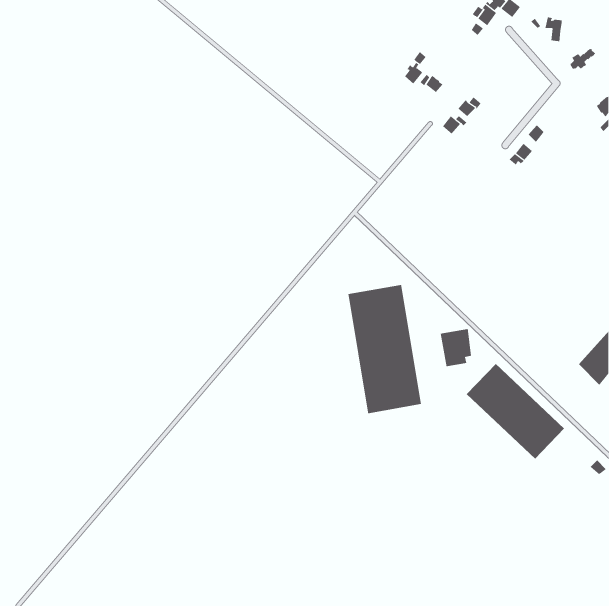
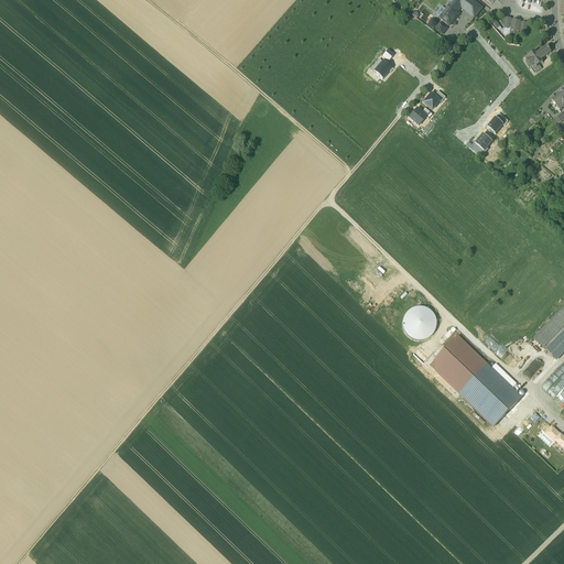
building: [348,284,422,414] -> none

